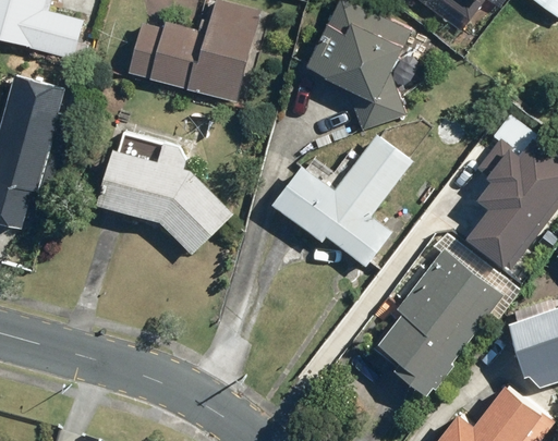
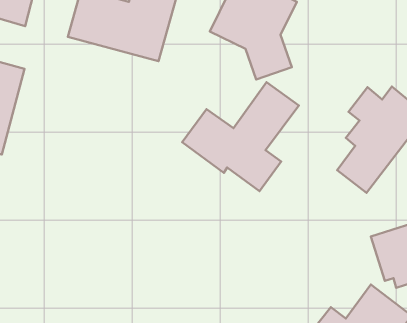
building: [95,144,233,257] -> none
building: [374,246,506,396] -> none

